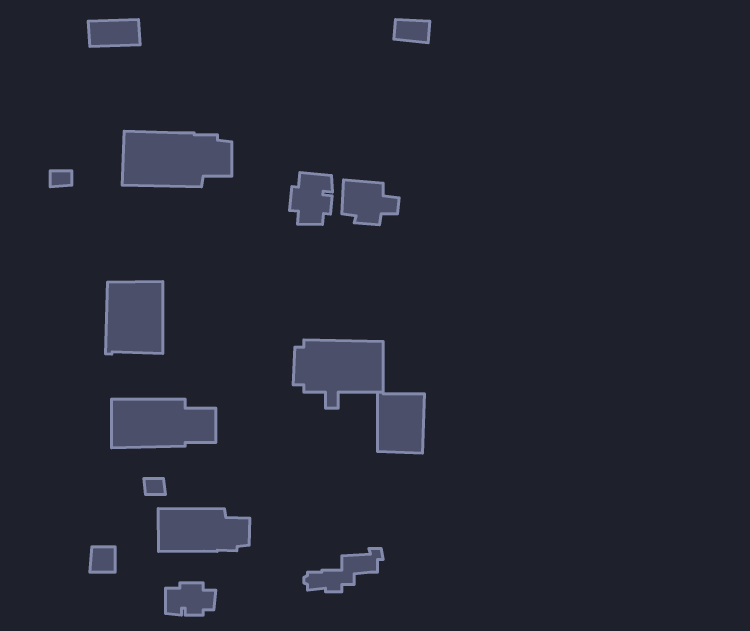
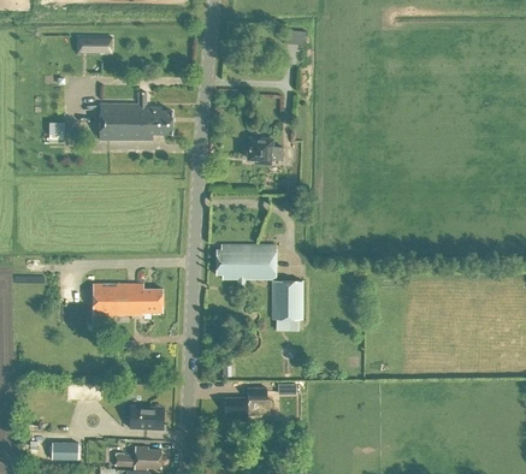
building: [290,173,332,225] -> none
building: [105,282,163,354] -> none
building: [158,509,250,552] -> none

